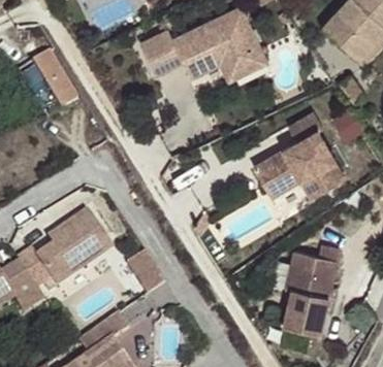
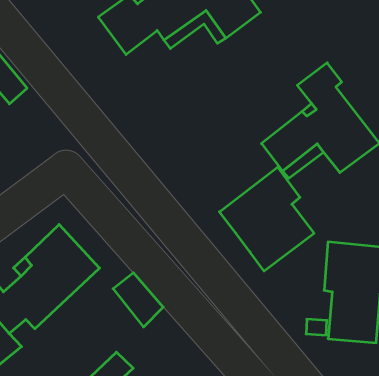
building: none -> [219,167,314,271]

